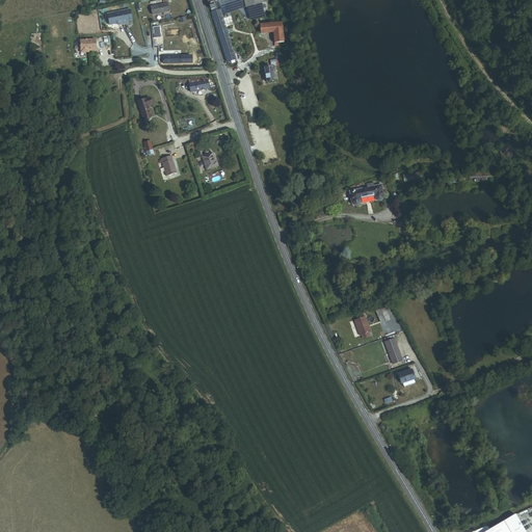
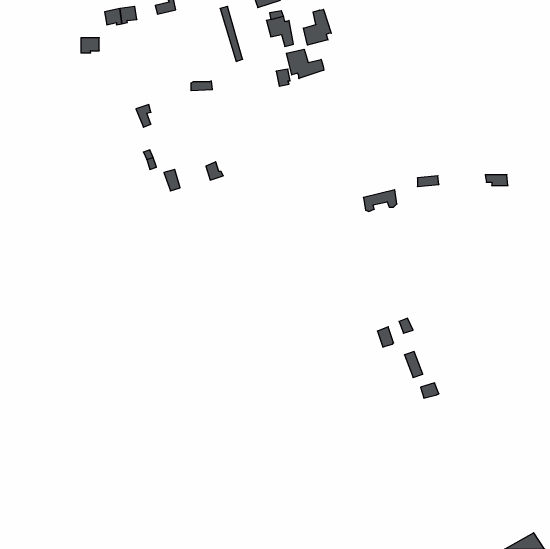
building: none -> [303,9,331,45]
building: none -> [286,49,324,79]

